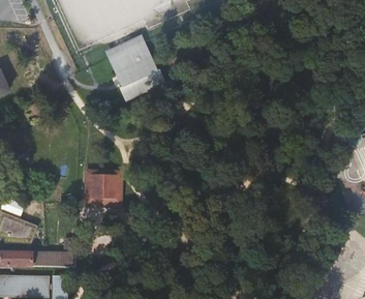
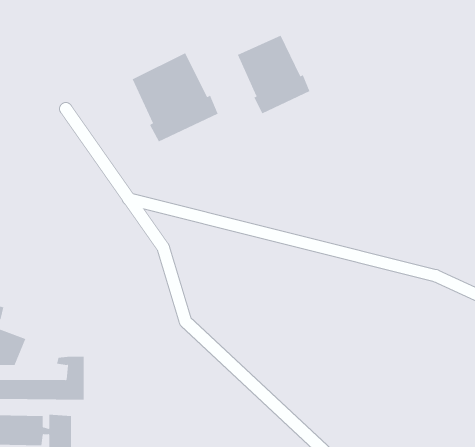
building: none -> [237,35,310,114]
building: [85,170,122,206] -> none

